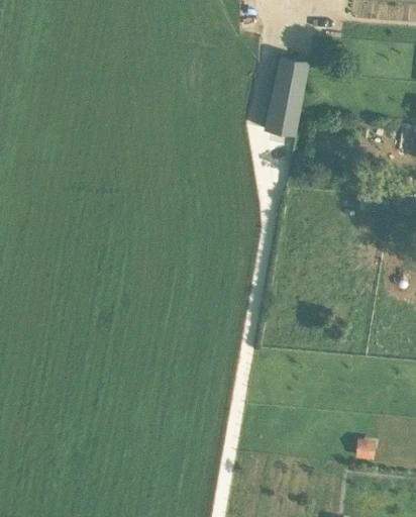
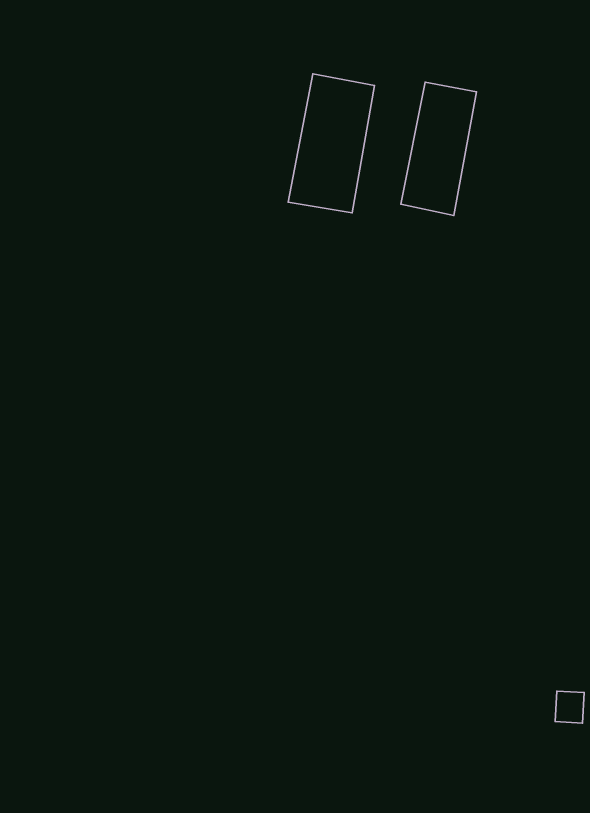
building: none -> [288,74,374,213]

